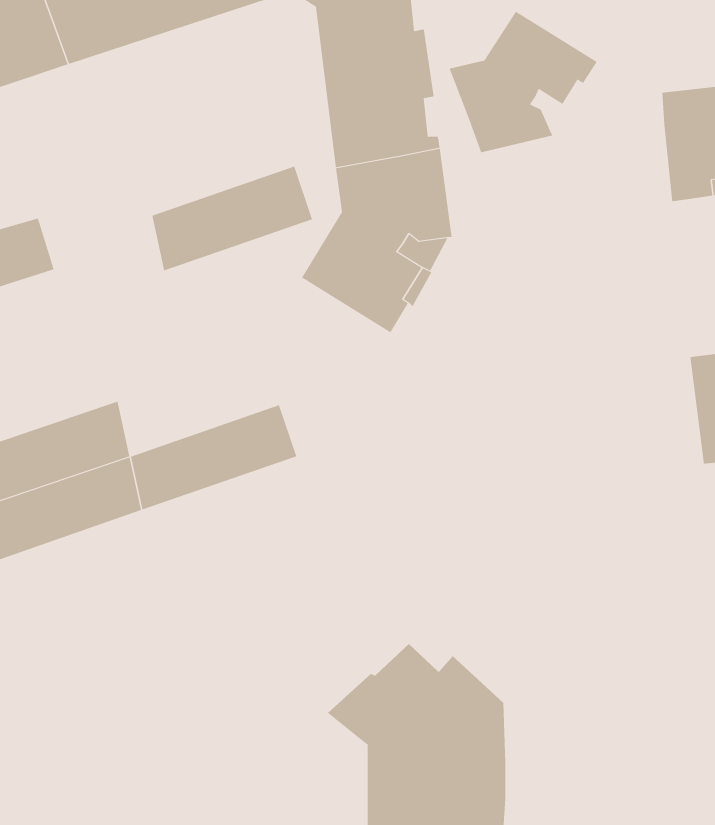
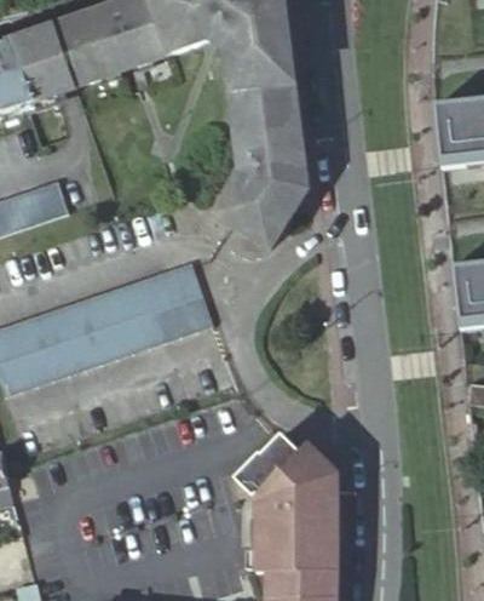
building: [449,11,598,153] -> none
building: [152,166,313,271] -> [104,261,202,325]

